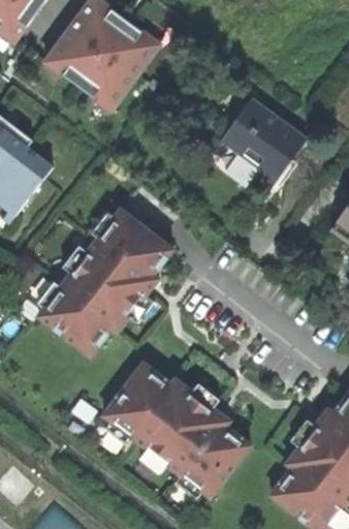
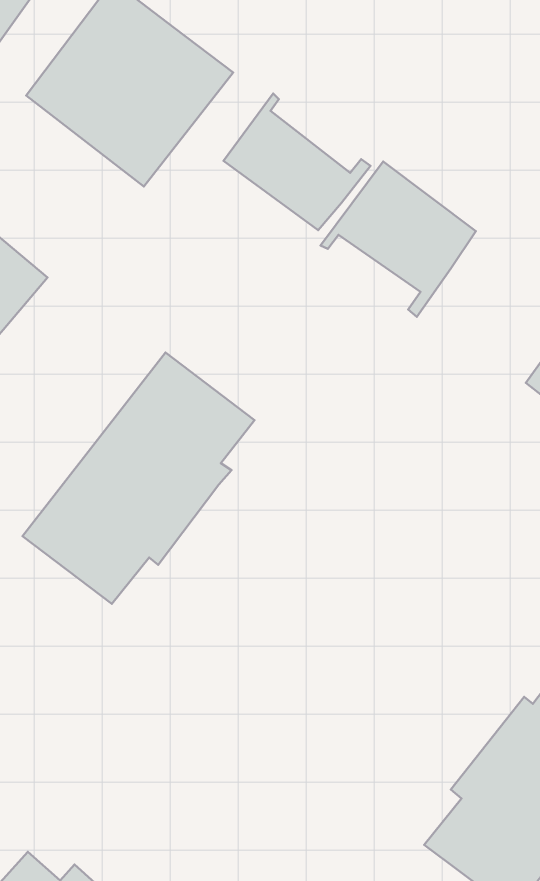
building: none -> [224,94,371,230]
building: [103,362,250,496] -> none

